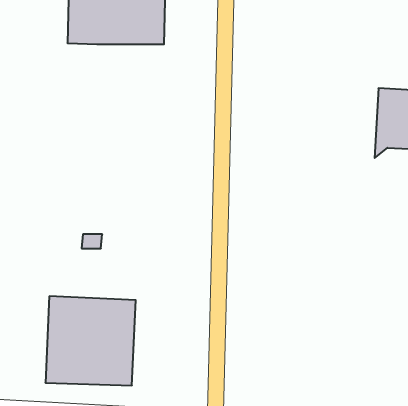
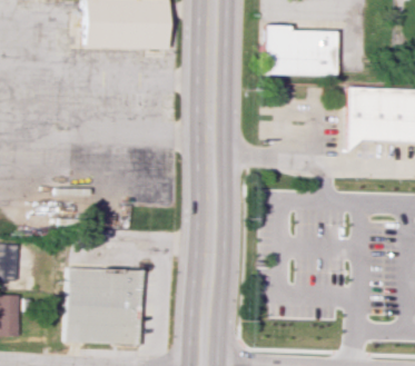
building: none -> [264,24,335,75]

